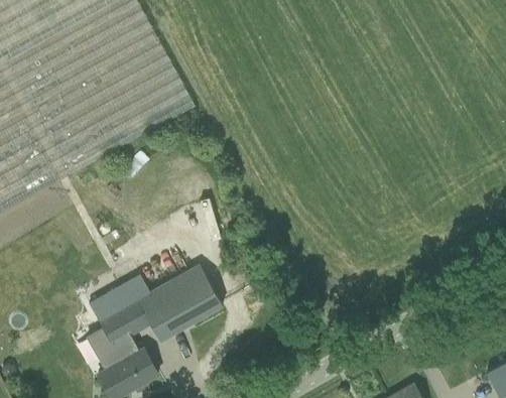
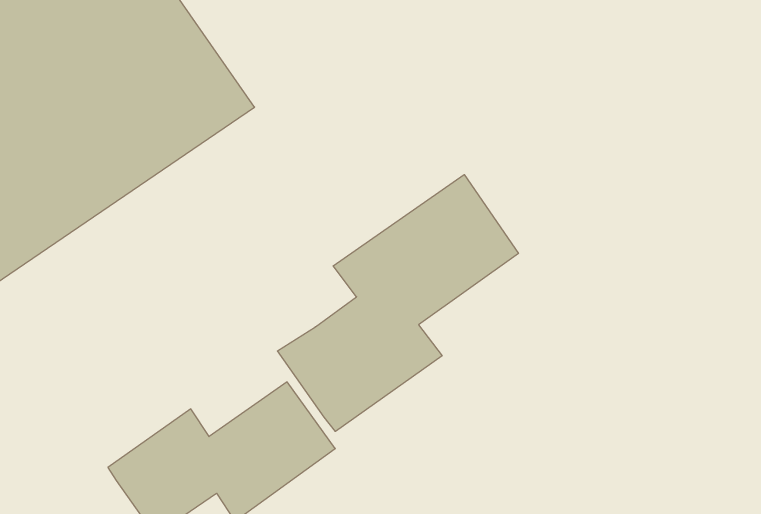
building: none -> [277,175,518,431]

